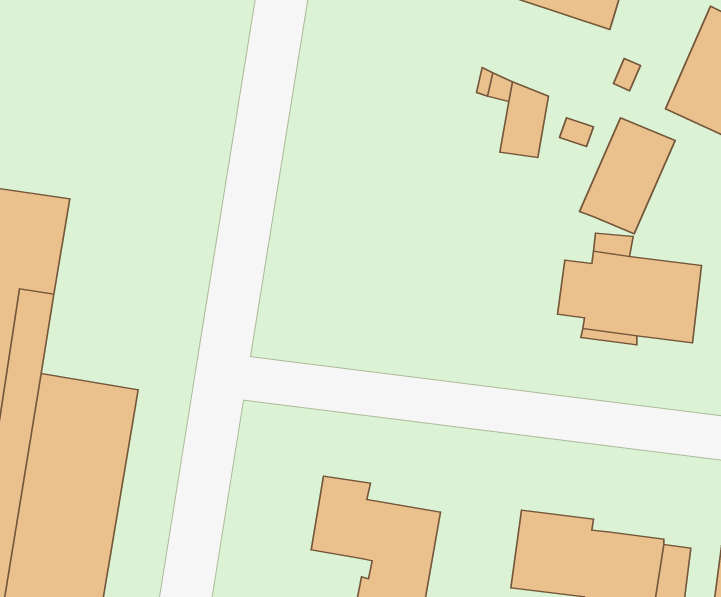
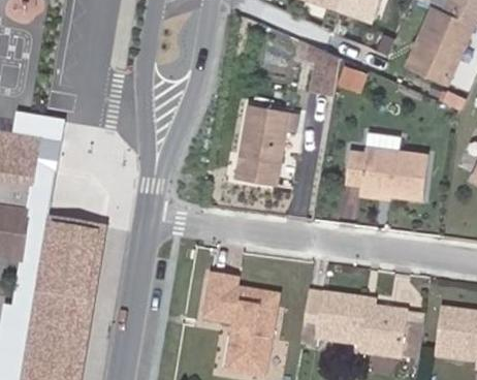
building: [579,118,675,234] -> none
building: none -> [237,106,287,184]

